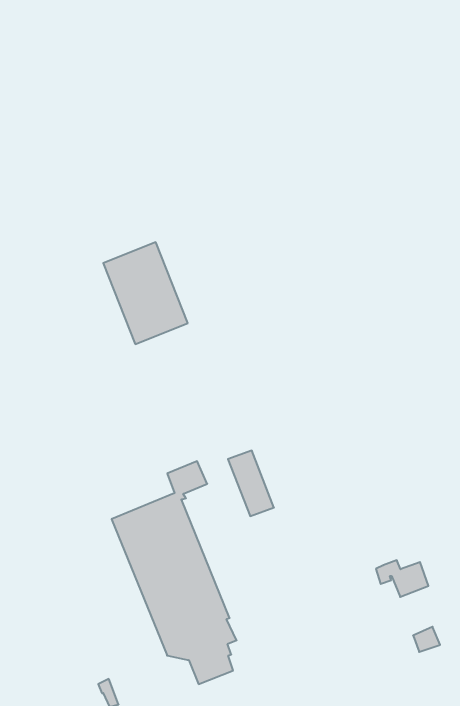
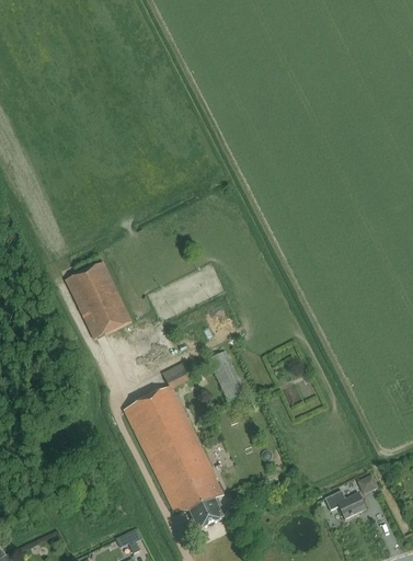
building: [103,242,188,344] -> [65,261,131,339]
building: [376,560,428,597] -> [325,490,366,517]

